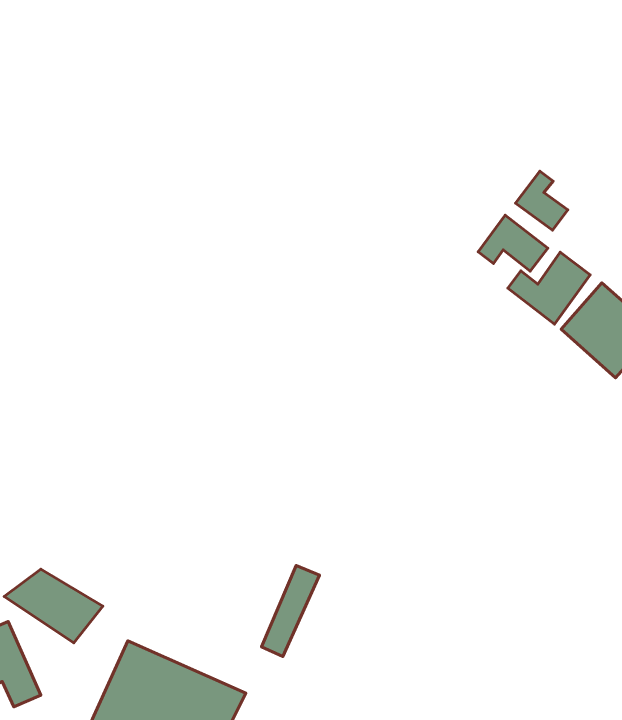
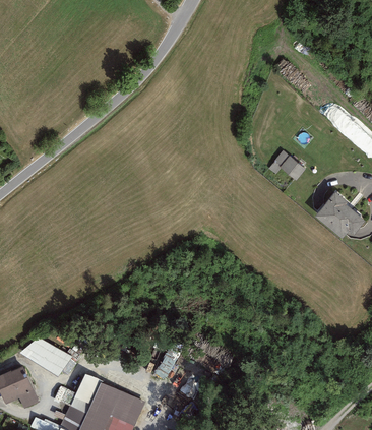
building: [516,171,568,230] -> none
building: [508,252,590,324] -> none

